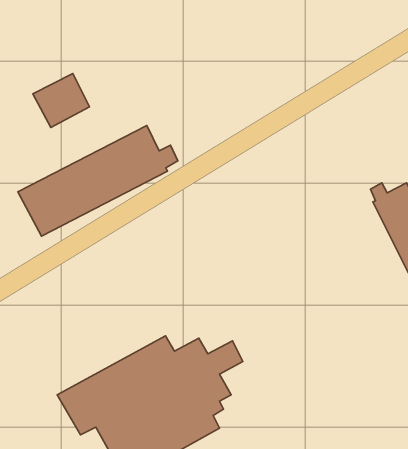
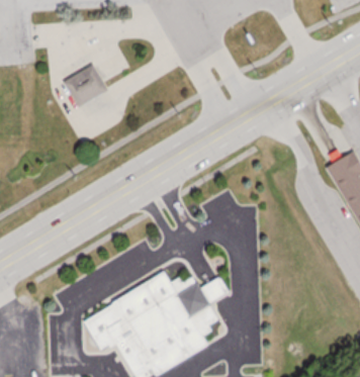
building: [18,125,178,236] -> none

